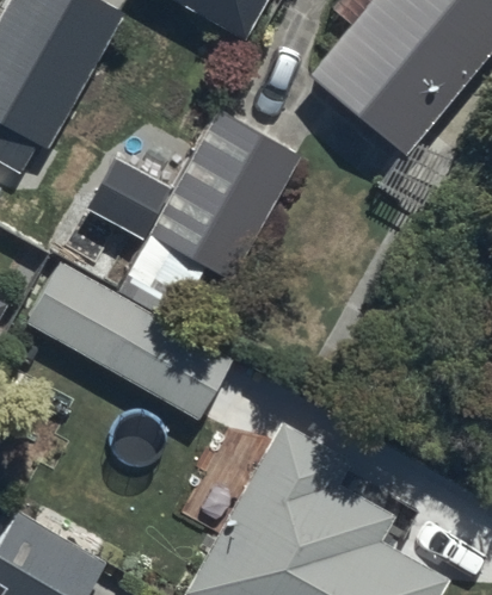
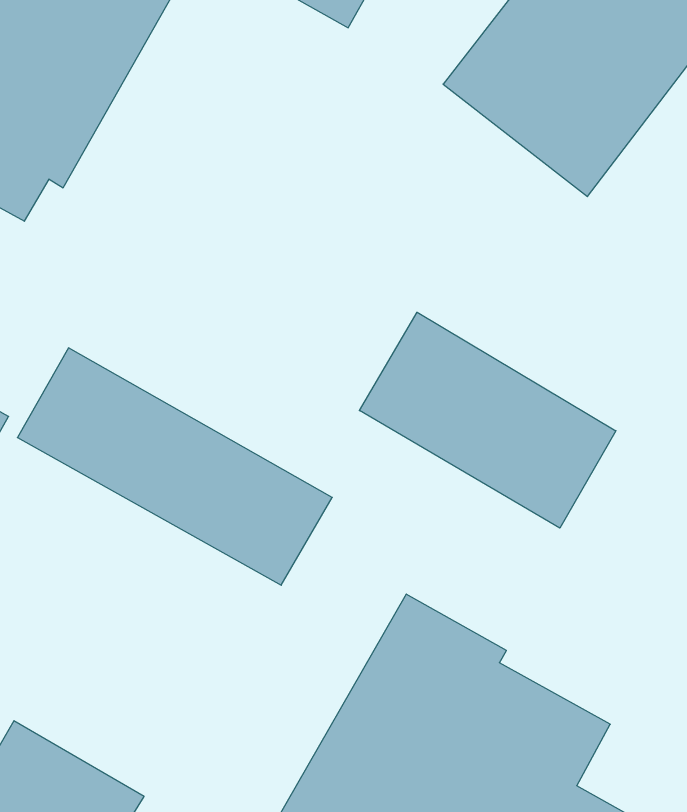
building: [97,110,300,281] -> none
building: none -> [359,312,616,528]

